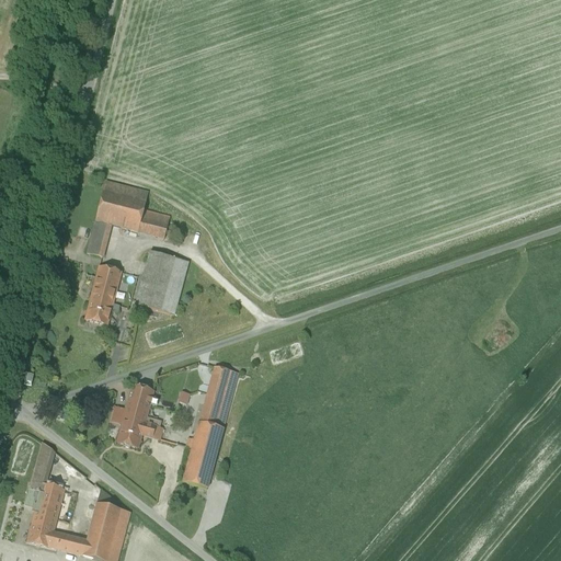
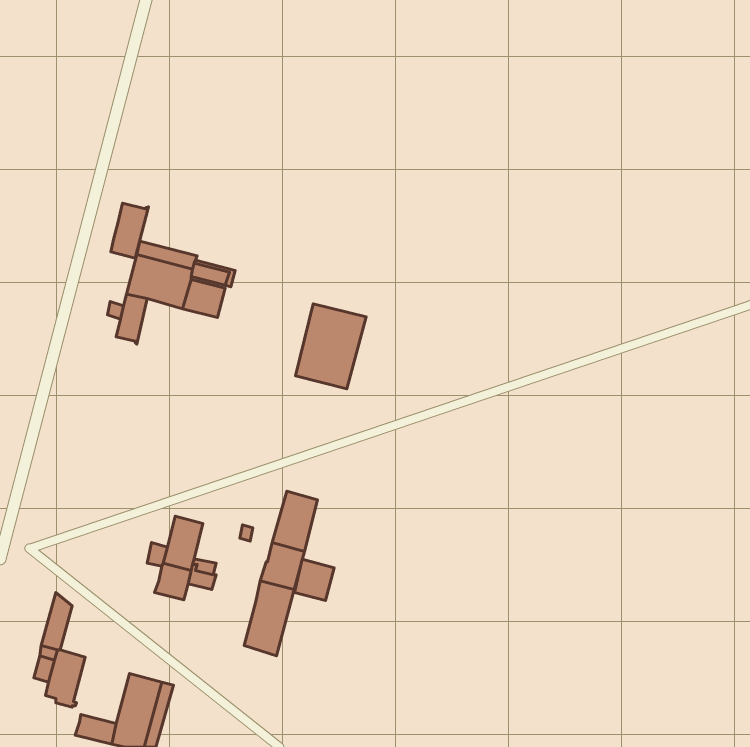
building: none -> [111,203,149,258]
building: [136,250,188,313] -> [295,304,366,389]
building: [85,264,121,323] -> none
building: none -> [295,559,334,601]
building: [28,518,60,548] -> none

